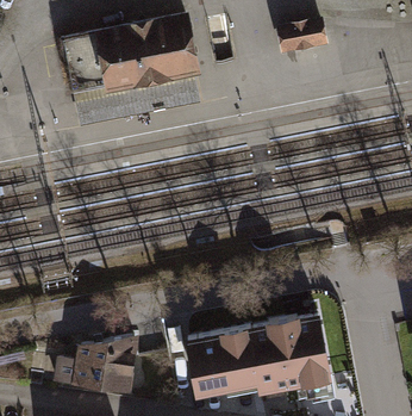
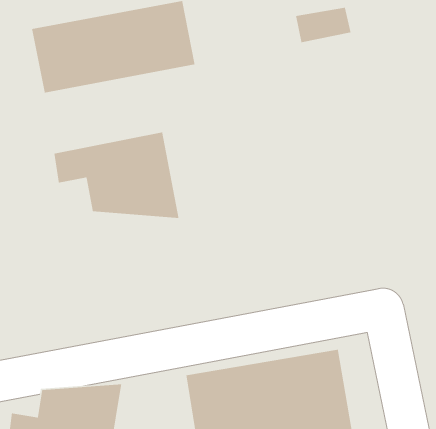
building: none -> [53,132,179,219]

